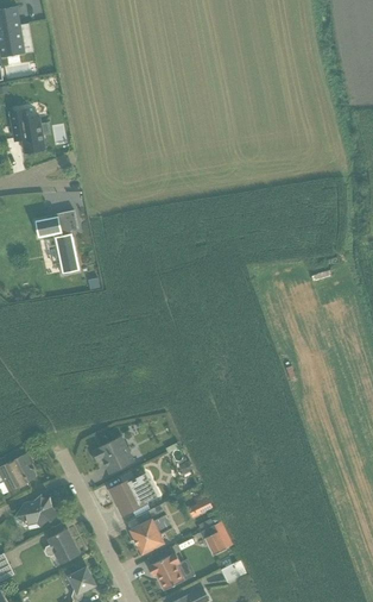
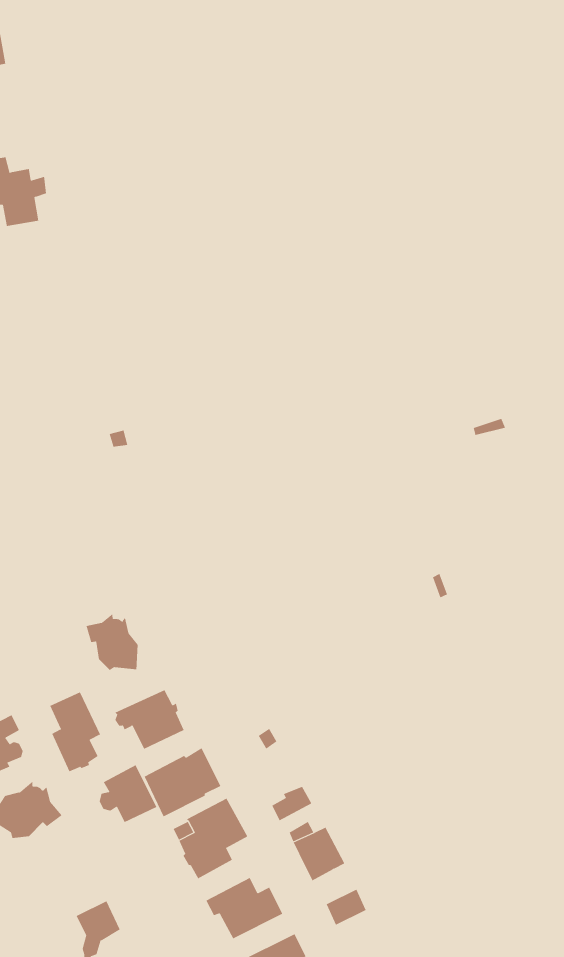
building: [36,209,80,275] -> none
building: none -> [86,613,138,671]
building: none -> [49,691,101,772]
building: [44,528,80,564] -> [99,765,157,823]

